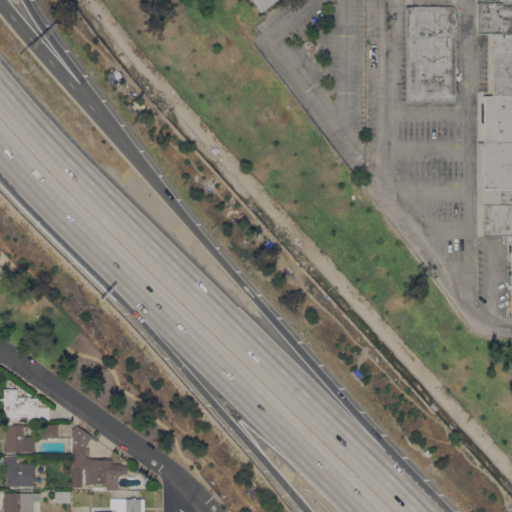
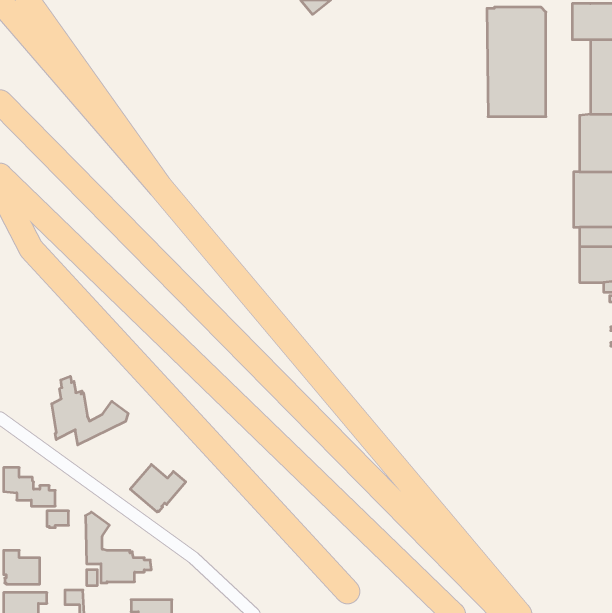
building: none -> [52,376,128,445]
building: none -> [130,464,186,512]
building: [6,426,35,452] -> none

